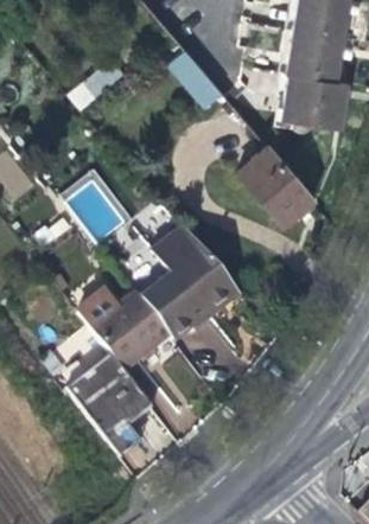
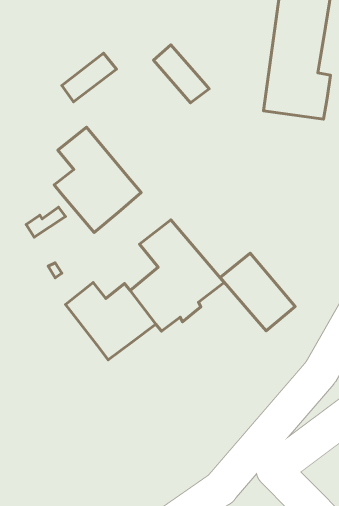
building: none -> [54,127,141,233]
building: [238,143,316,223] -> [220,253,295,331]
building: [66,353,148,460] -> none

